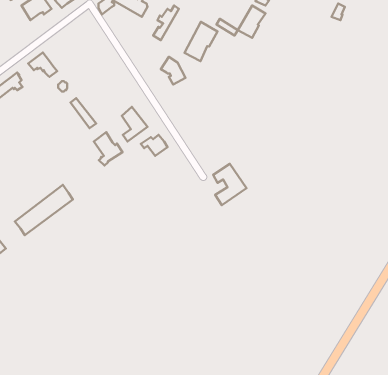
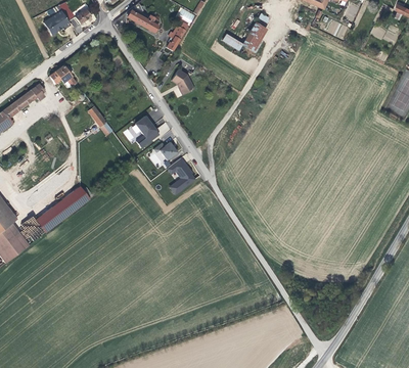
building: [185,22,218,61] -> none
building: [94,132,123,165] -> none
building: [213,164,247,205] -> [167,156,197,194]

